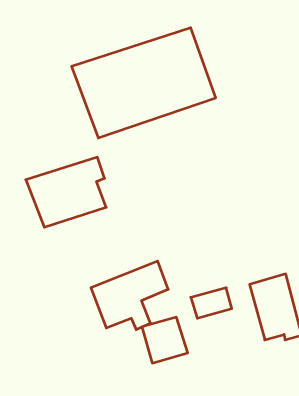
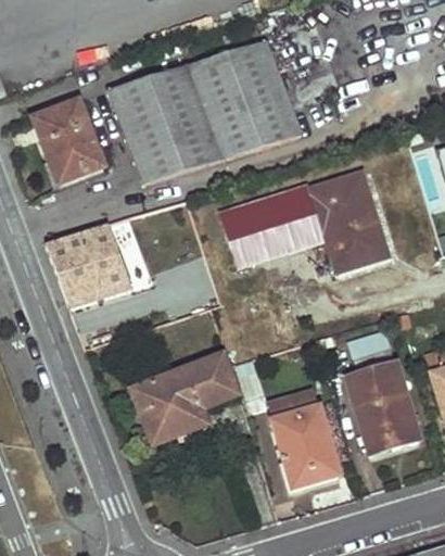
building: none -> [36,104,102,182]
building: none -> [219,172,386,271]
building: [142,317,188,363] -> [277,417,339,479]

